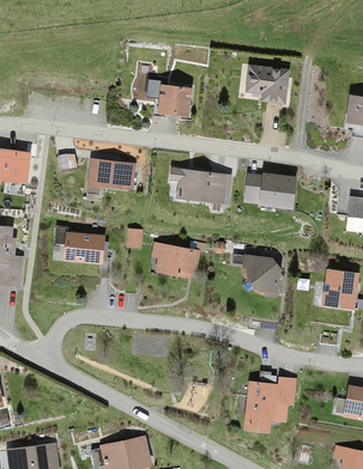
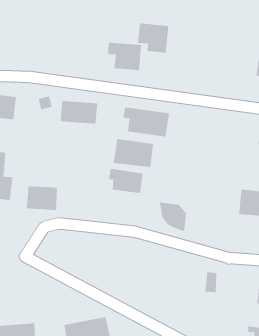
building: [248,63,290,103] -> [137,23,169,53]
building: [243,168,297,206] -> [113,138,154,168]
building: [62,230,104,262] -> [26,186,58,210]
building: [242,257,279,297] -> [159,202,187,232]
building: [243,383,272,432] -> none

